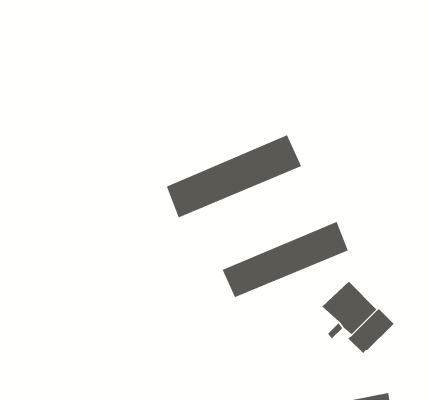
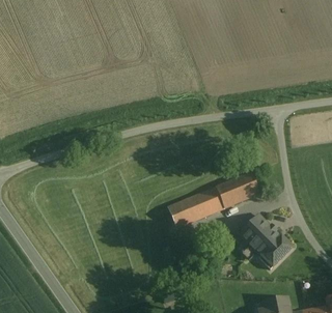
building: [166,134,302,218] -> none

